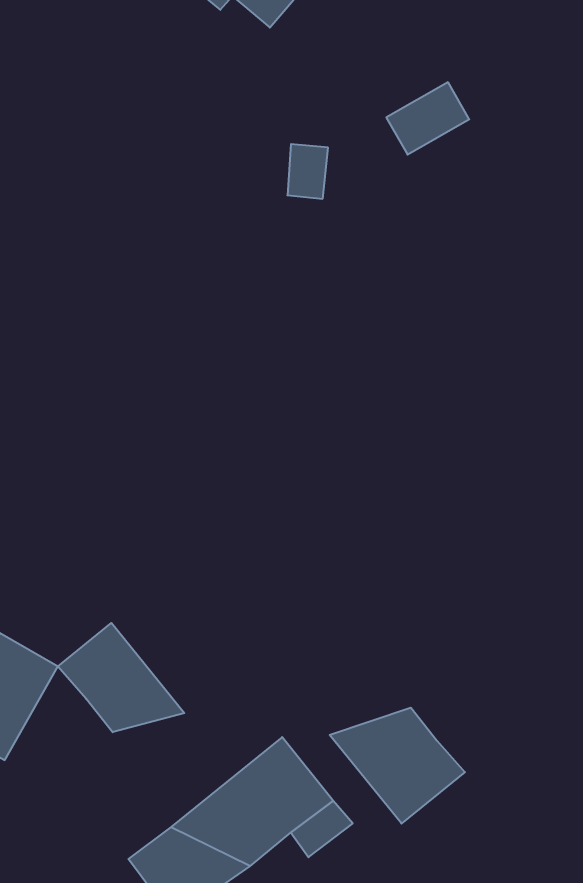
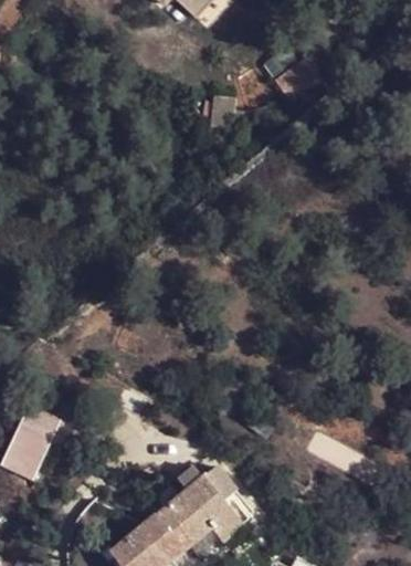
building: [58,623,184,732] -> none
building: [330,708,465,824] -> none

